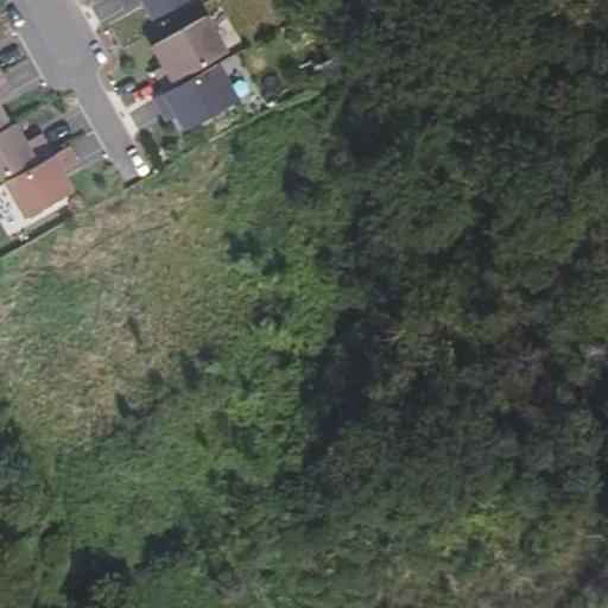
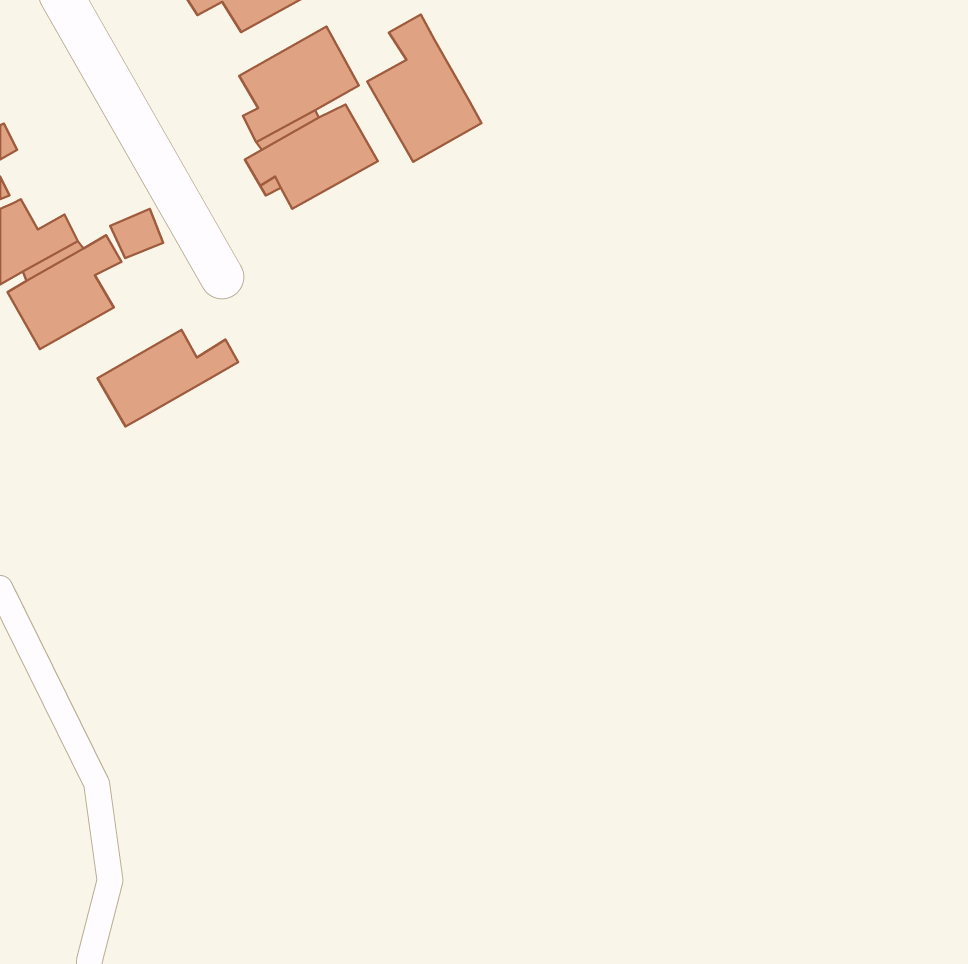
building: none -> [367,14,481,162]
building: none -> [97,330,238,426]

